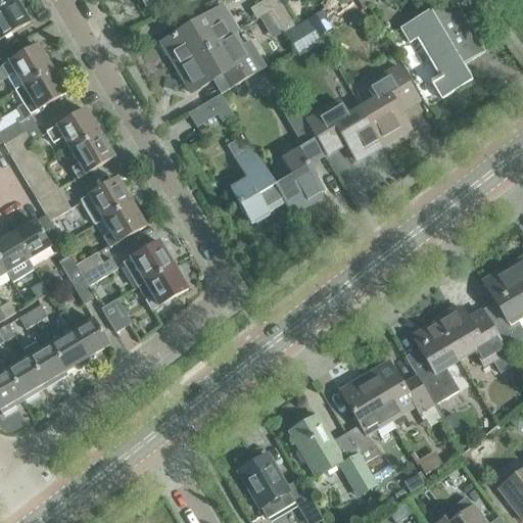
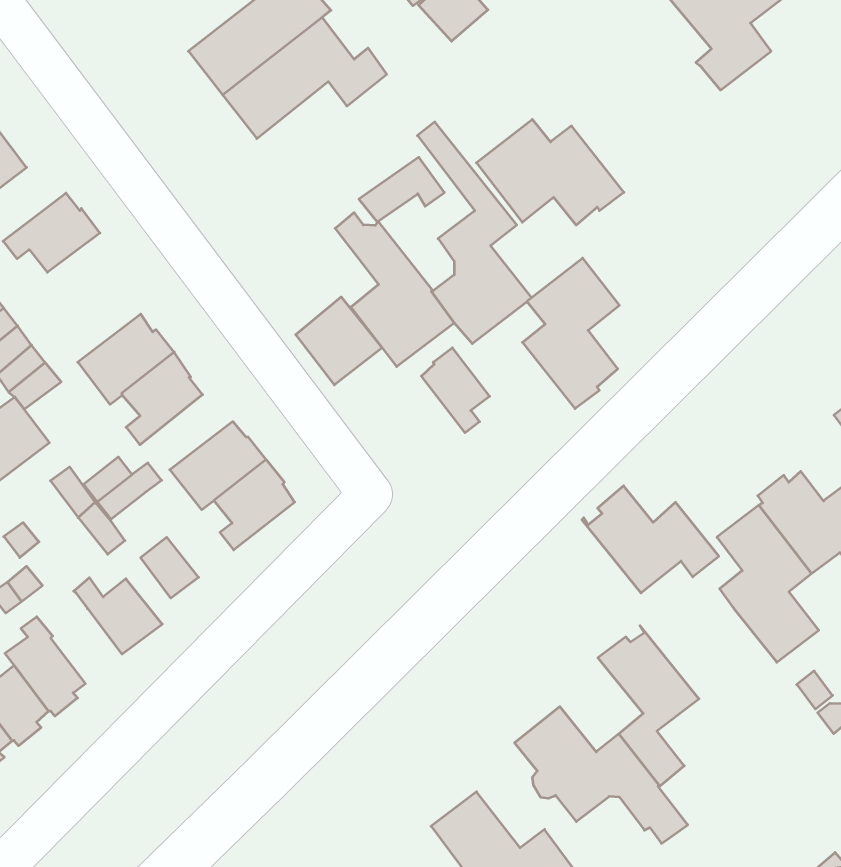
building: [360,64,414,144] -> [522,258,619,409]
building: [188,91,234,123] -> [359,157,444,222]
building: [70,131,113,177] -> none
building: none -> [296,297,382,385]
building: none -> [421,348,490,433]
building: [43,321,85,370] -> none
building: [363,361,433,419] -> [582,486,719,593]

